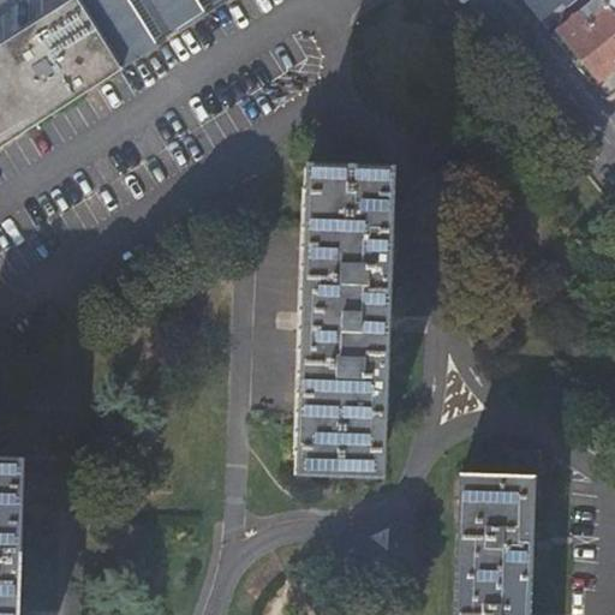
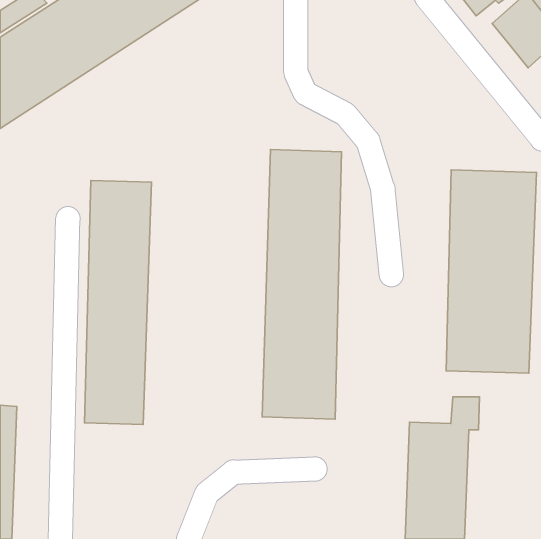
building: none -> [446,170,536,373]
building: none -> [84,181,151,424]

